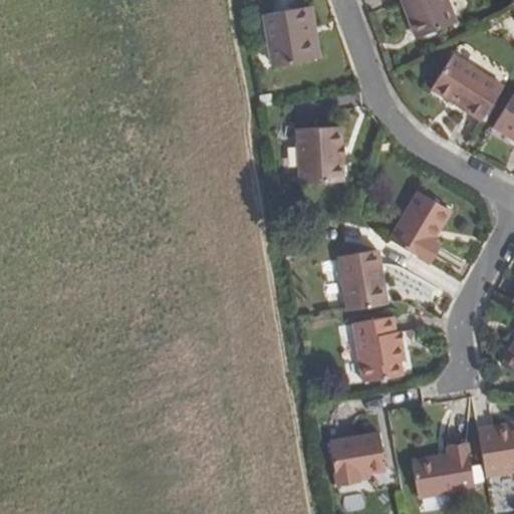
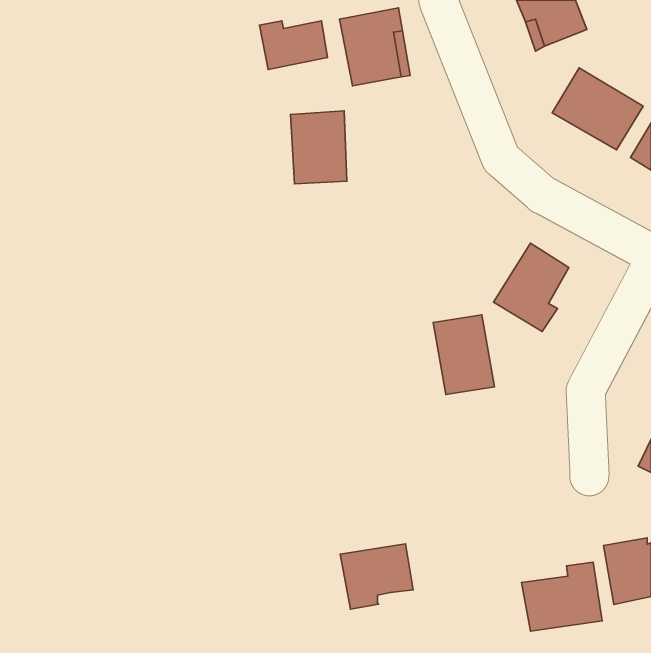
building: none -> [260,21,327,69]
building: [299,125,343,183] -> [290,111,347,184]
building: [354,315,407,381] -> none
building: [328,432,386,483] -> [340,544,413,609]

